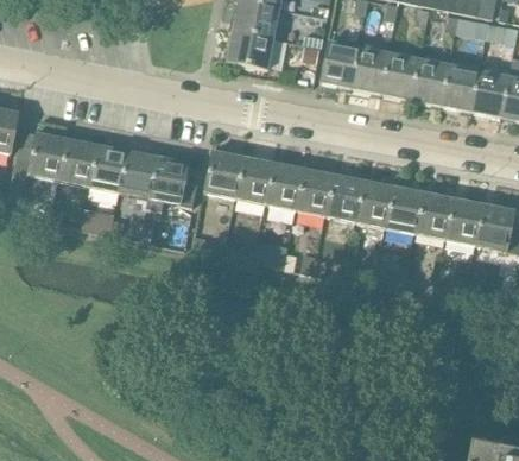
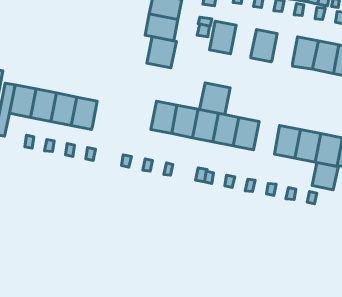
building: [350,46,388,94] -> none
building: [410,58,448,106] -> none
building: none -> [147,36,176,68]
building: none -> [200,83,230,115]
building: [203,151,242,198] -> none
building: [147,157,186,204] -> none
building: [384,187,422,234] -> none
building: none -> [312,162,339,190]

